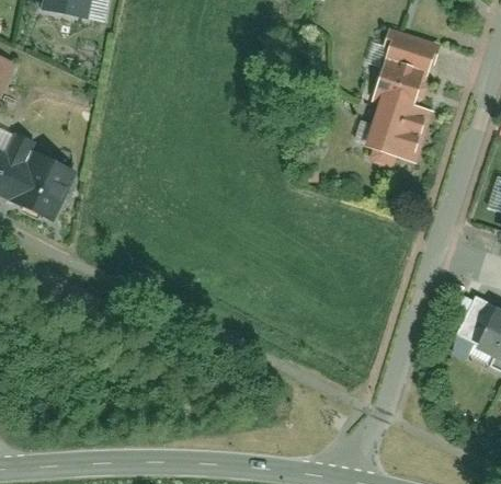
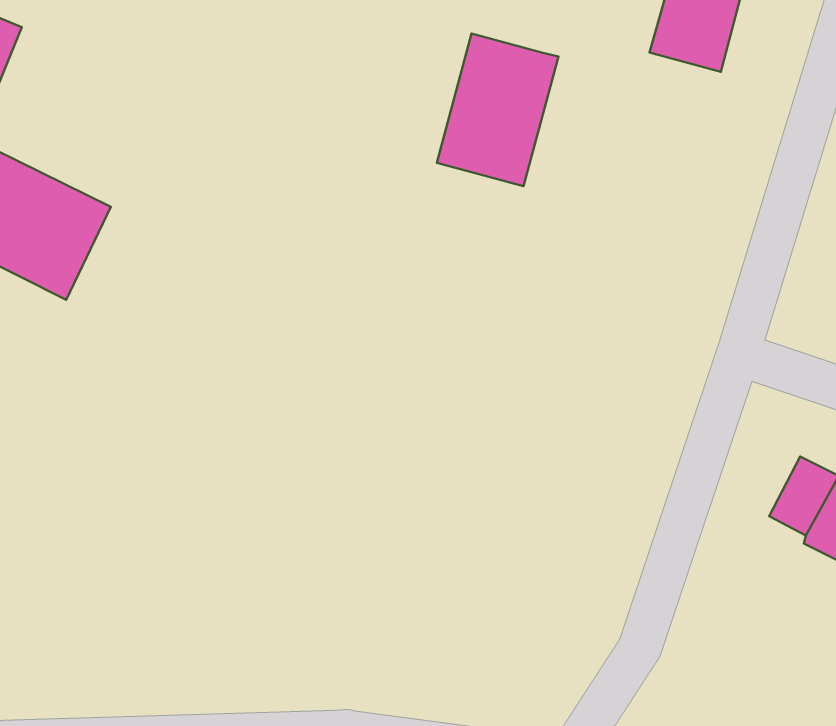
building: [364,78,433,164] -> [437,33,558,186]

